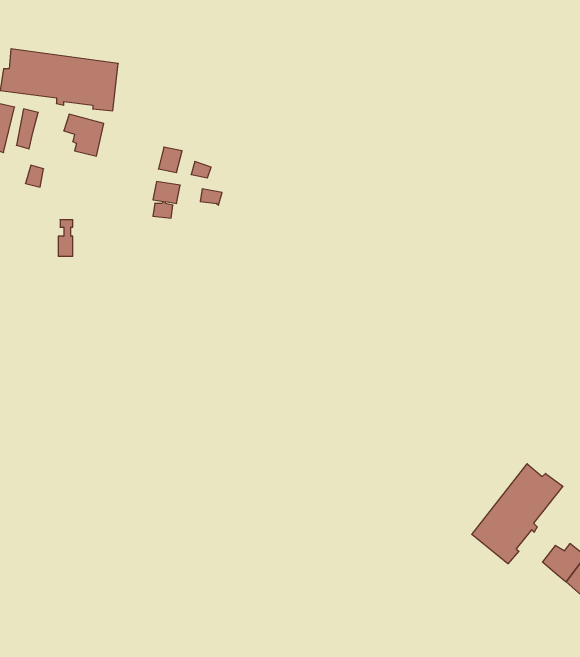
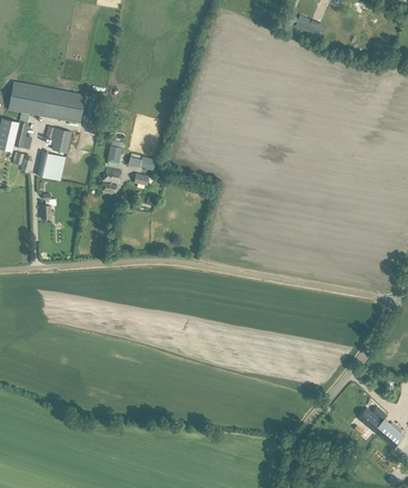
building: none -> [38,152,64,180]
building: [472,464,563,564] -> none

